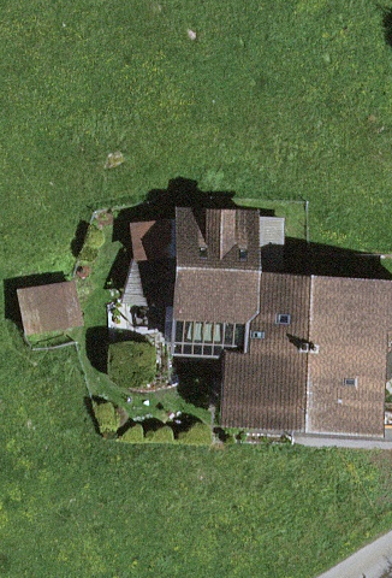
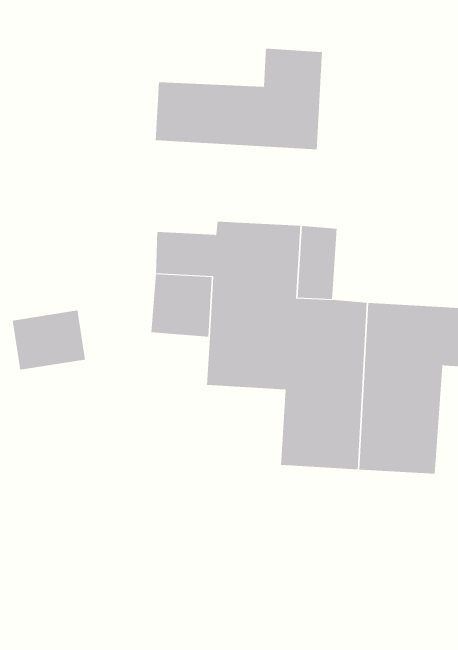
building: none -> [155,48,322,150]

